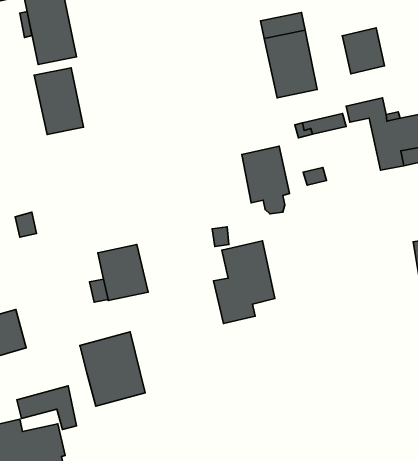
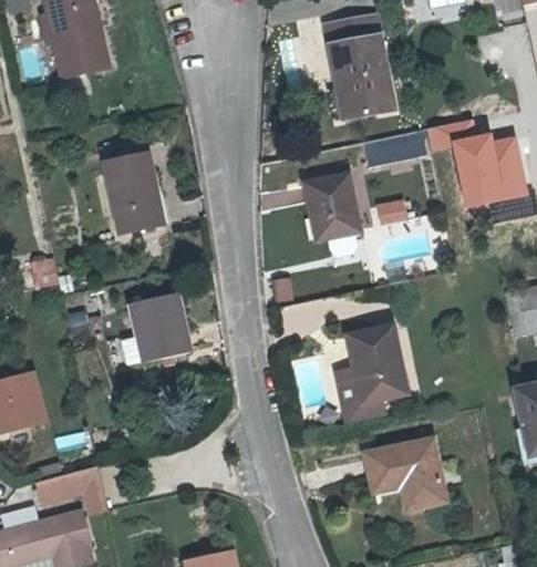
building: [342,28,384,74] -> none
building: [34,68,83,135] -> [106,154,165,234]
building: [213,241,275,324] -> [335,327,409,425]
building: [80,332,145,406] -> none
building: none -> [365,437,445,511]

